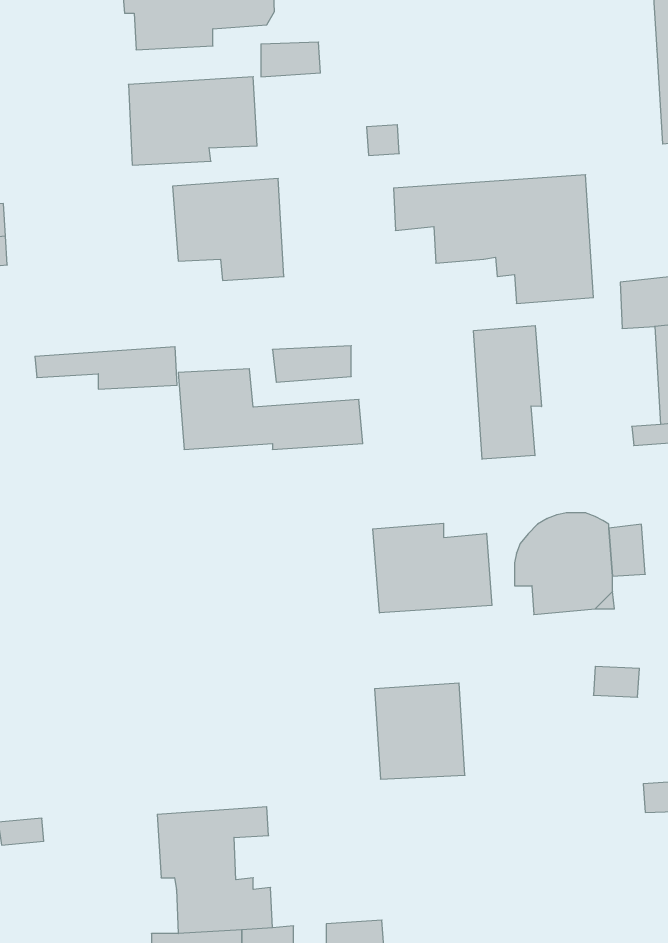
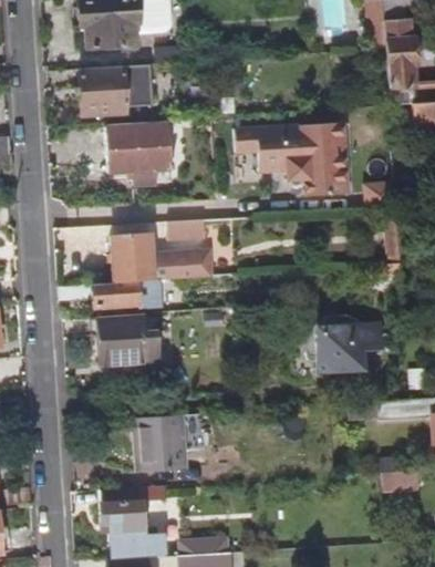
building: [474,326,541,459] -> none
building: [35,347,177,389] -> [58,281,139,306]
building: none -> [95,311,154,363]
building: [373,523,492,613] -> none
building: [375,683,465,779] -> [128,415,180,471]

